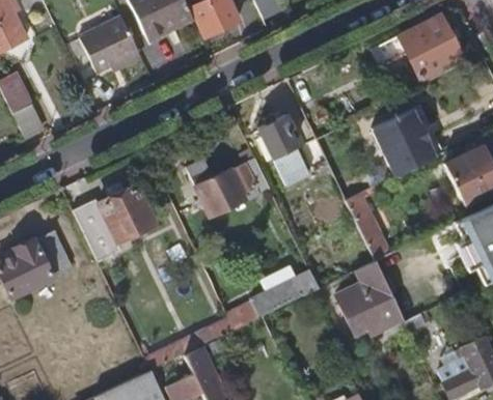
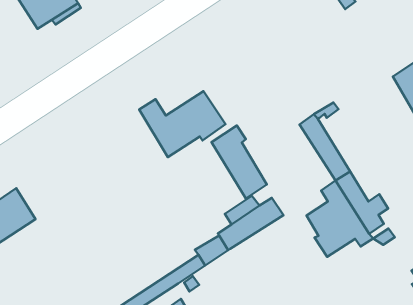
building: [373,103,445,175] -> none
building: [258,113,308,187] -> [212,126,267,199]
building: [74,185,155,262] -> none

